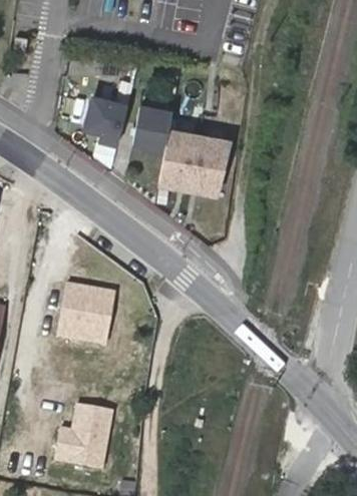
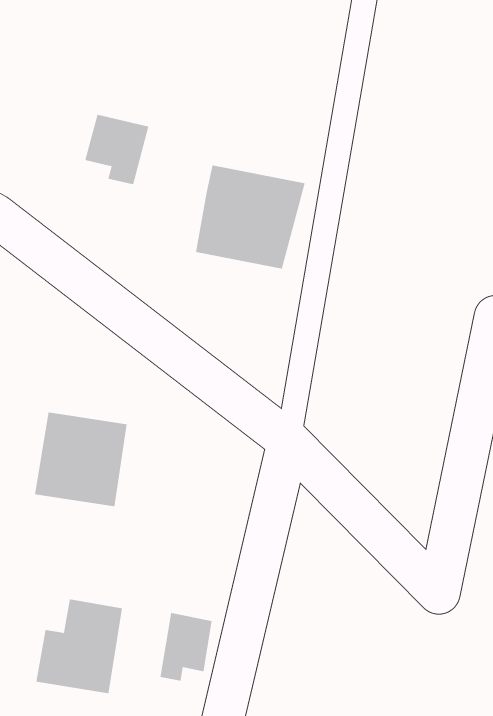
building: [134,99,172,142] -> none
building: none -> [160,612,212,682]

